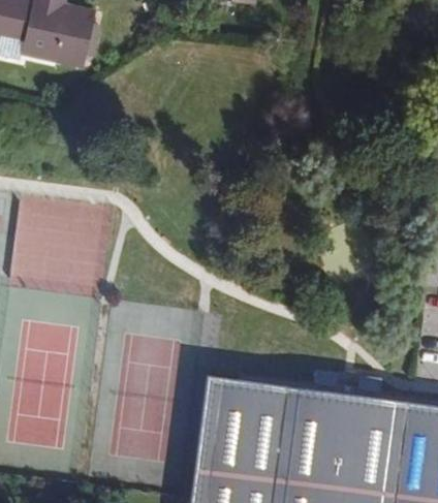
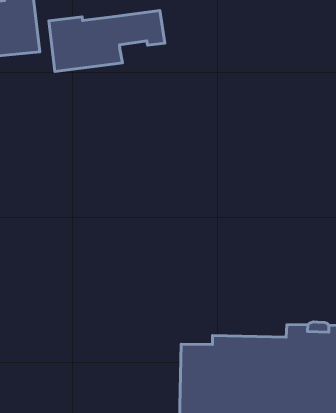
building: none -> [49,11,165,72]

